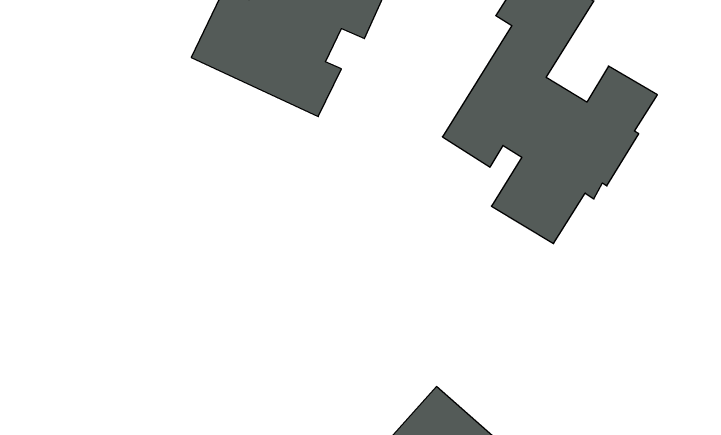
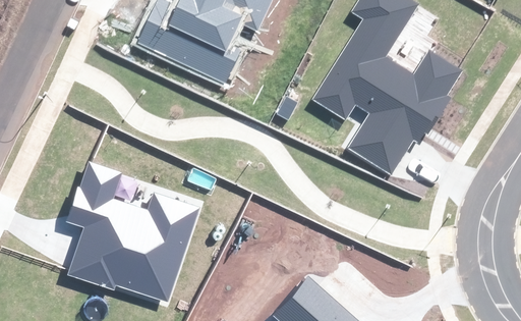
building: none -> [66,162,199,303]

